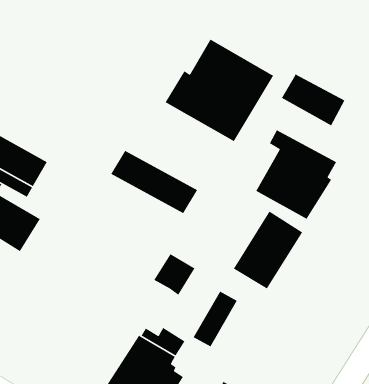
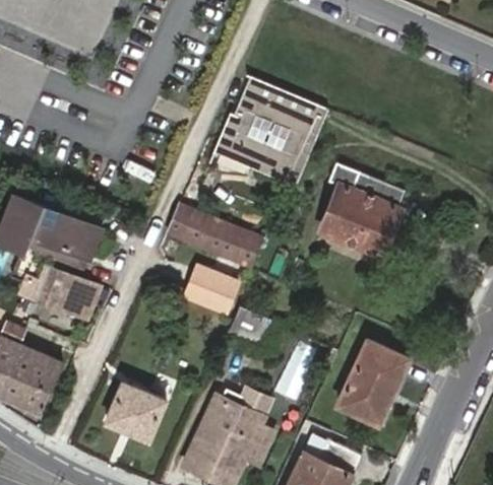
building: [281,73,346,127] -> none
building: none -> [186,267,238,313]
building: [233,210,303,290] -> [336,340,406,423]
building: none -> [106,383,164,439]

